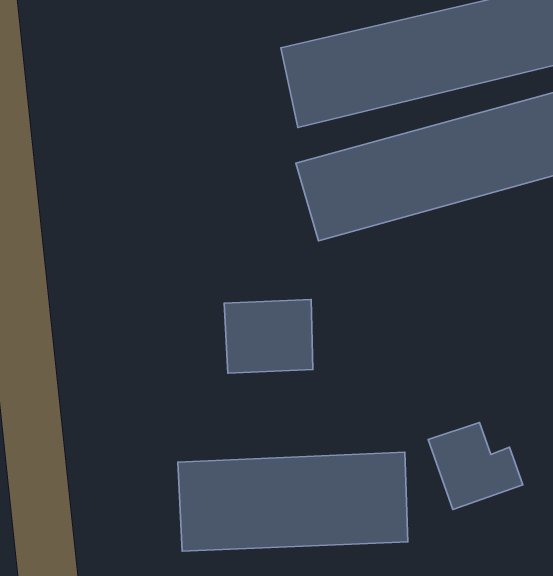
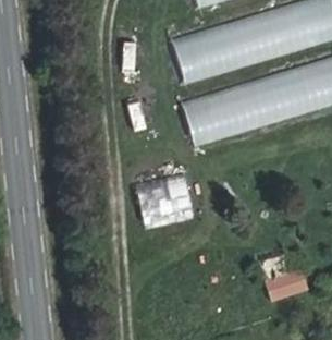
building: [178,452,408,551] -> none

